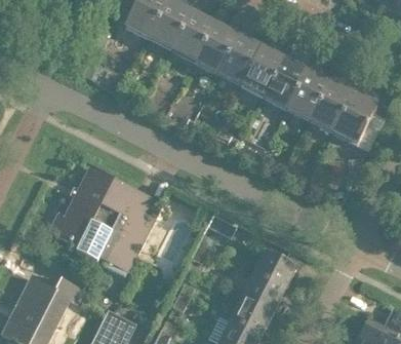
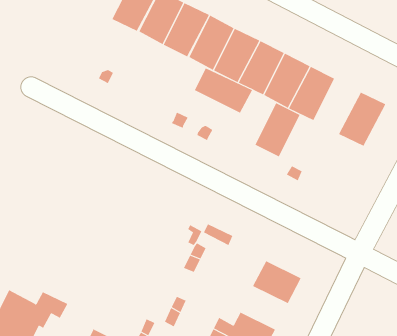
building: none -> [194,67,253,114]
building: [311,82,353,132] -> [255,102,300,157]
building: [54,167,162,275] -> none
building: [243,273,287,313] -> none

